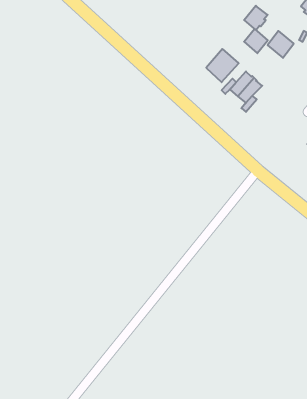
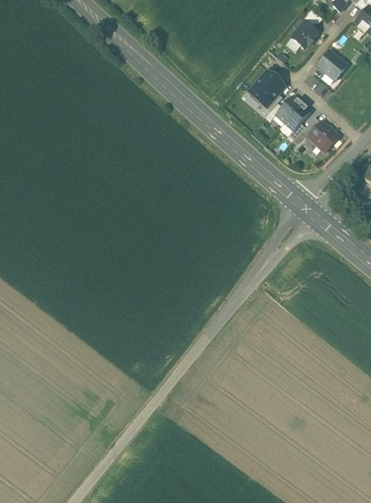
building: [244,29,268,53] -> none
building: none -> [308,121,339,150]

